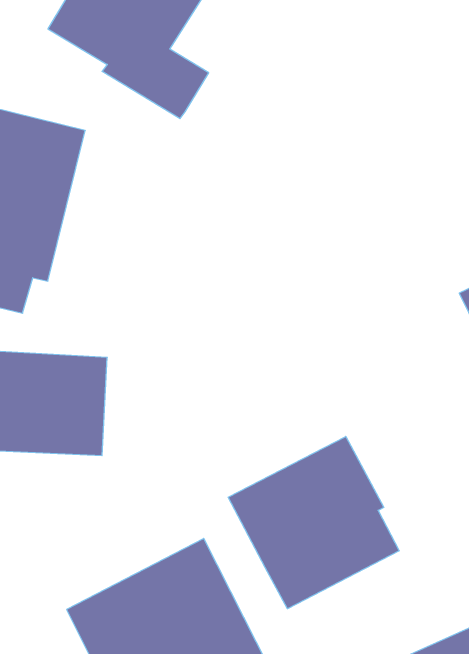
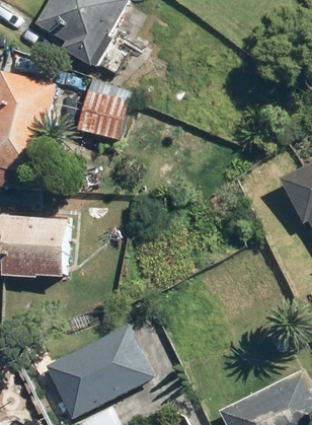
building: none -> [79,80,133,138]
building: [228,436,399,609] -> none

